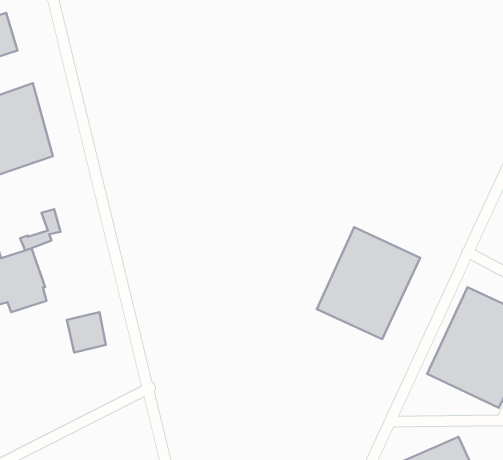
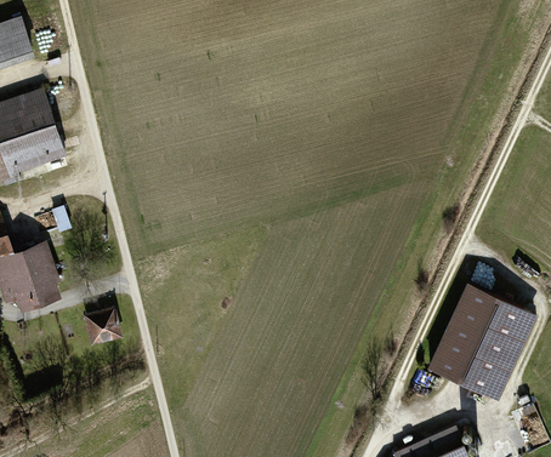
building: [317,227,420,339] -> none

